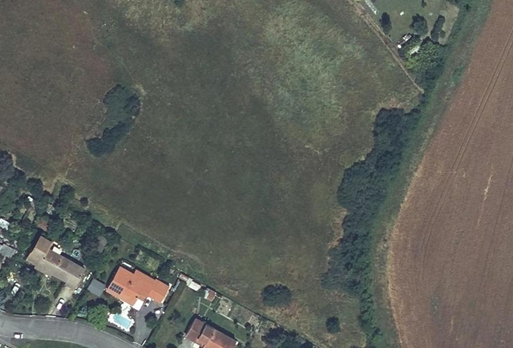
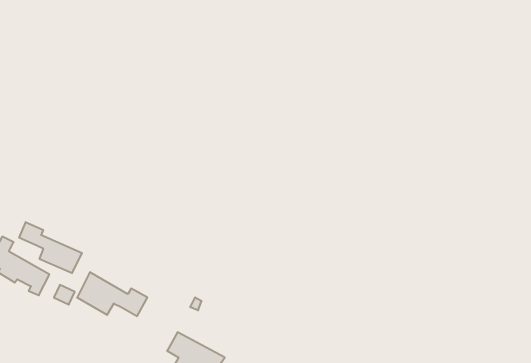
building: none -> [19,222,82,273]

